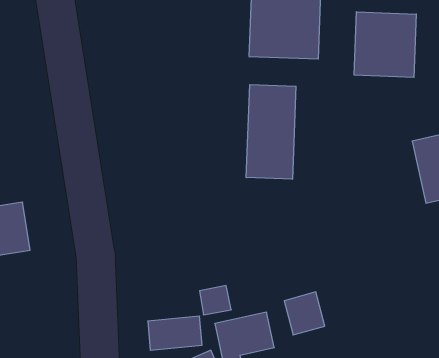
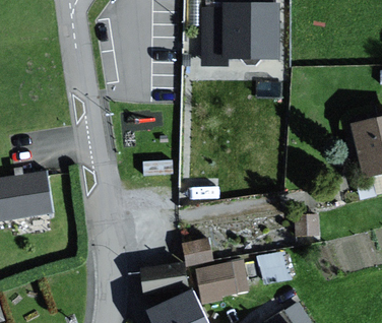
building: [354,12,416,77] -> none
building: [246,85,296,179] -> none

